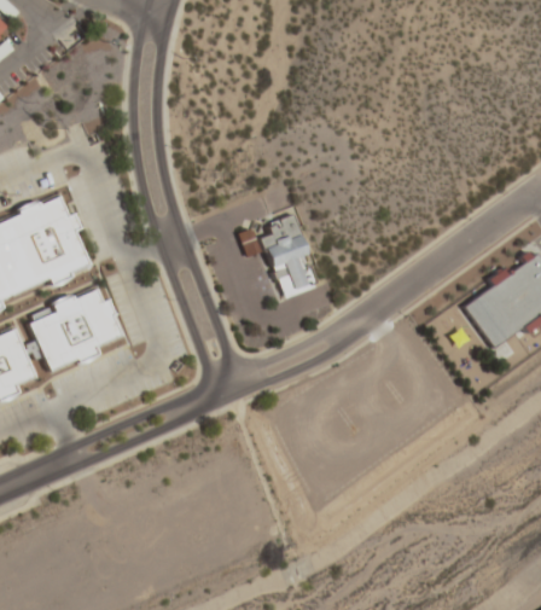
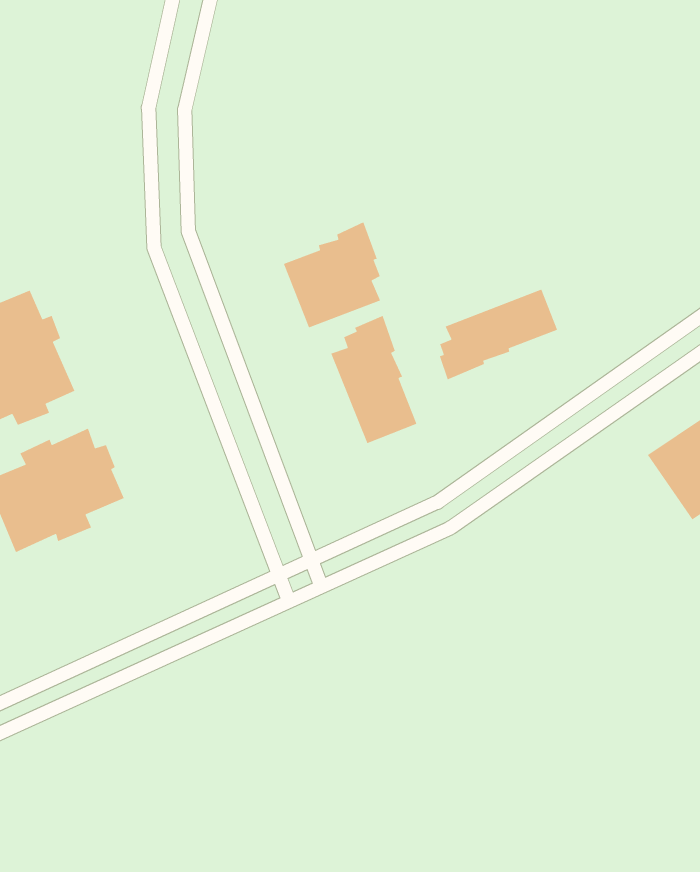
building: none -> [283,221,381,329]
building: none -> [439,289,558,381]

